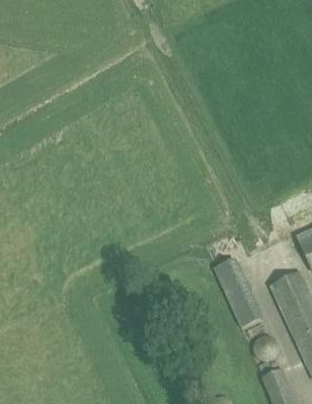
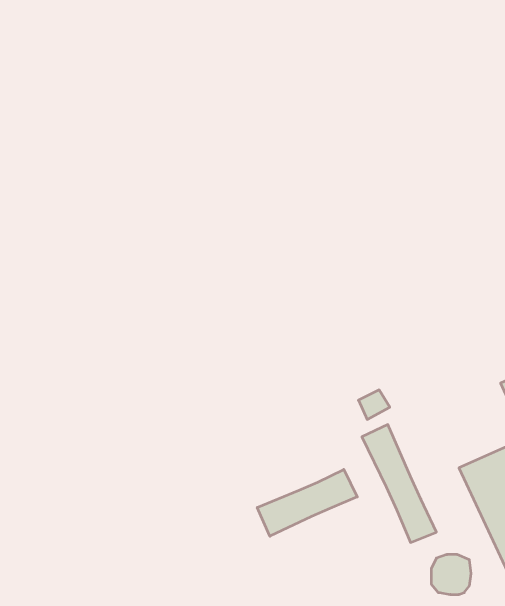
building: none -> [257,469,357,536]

